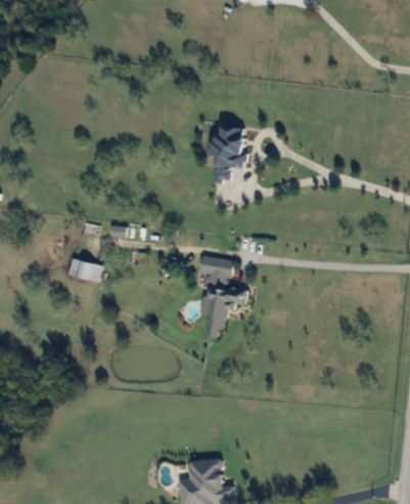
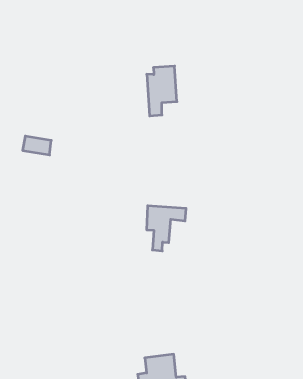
building: [199,256,233,278] -> none
building: [66,258,100,282] -> [23,136,51,155]

